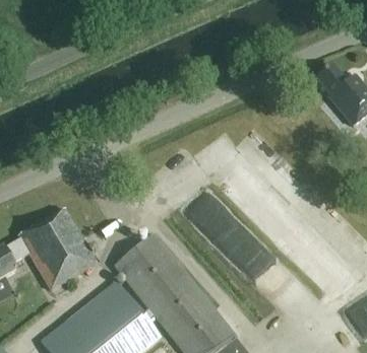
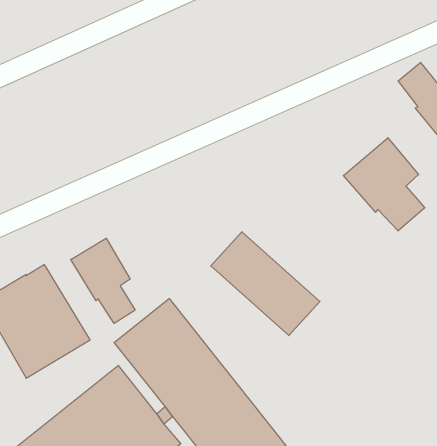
building: none -> [343,138,425,231]
building: none -> [71,238,135,323]

